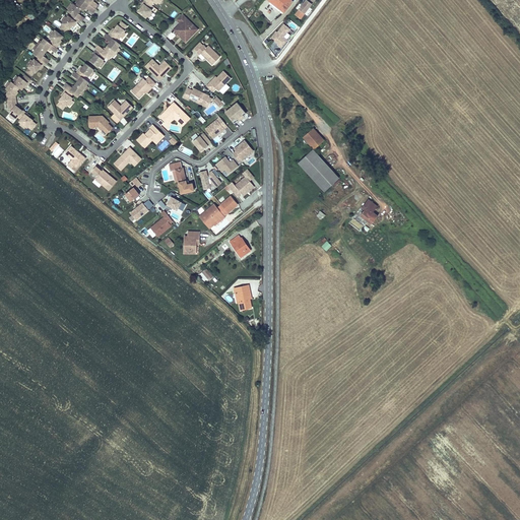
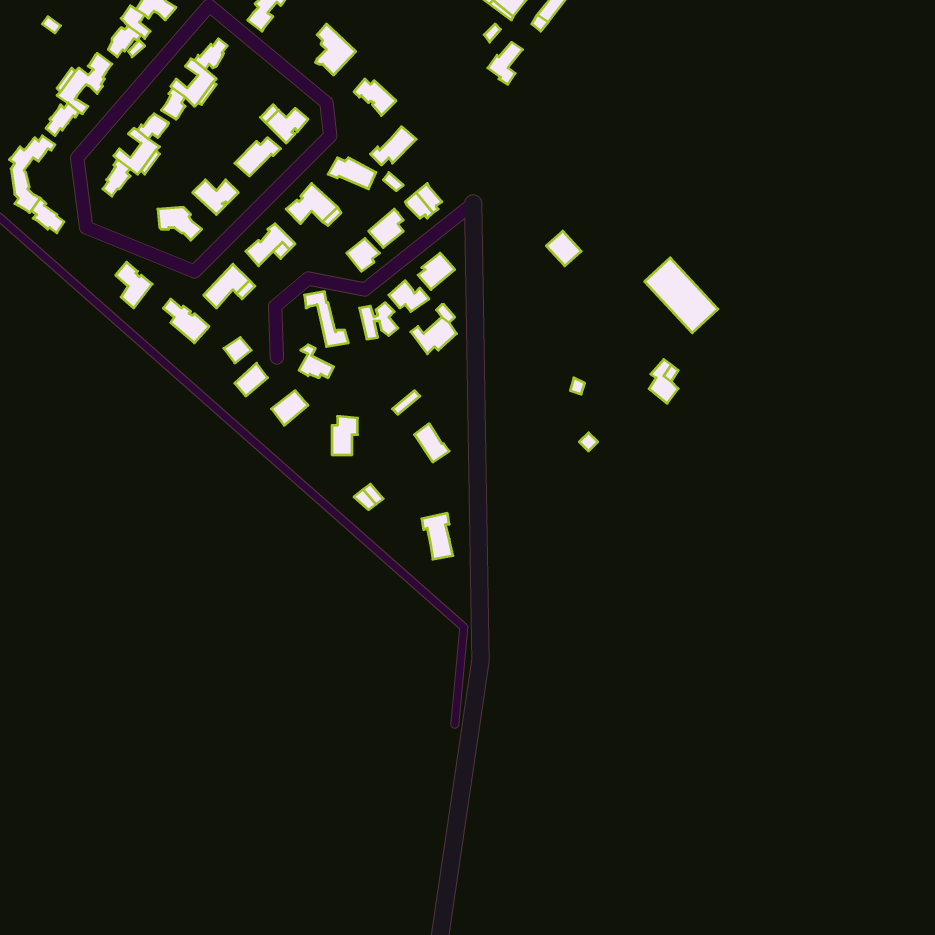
building: [297,148,337,190] -> [645,258,718,333]
building: [198,195,237,228] -> none

